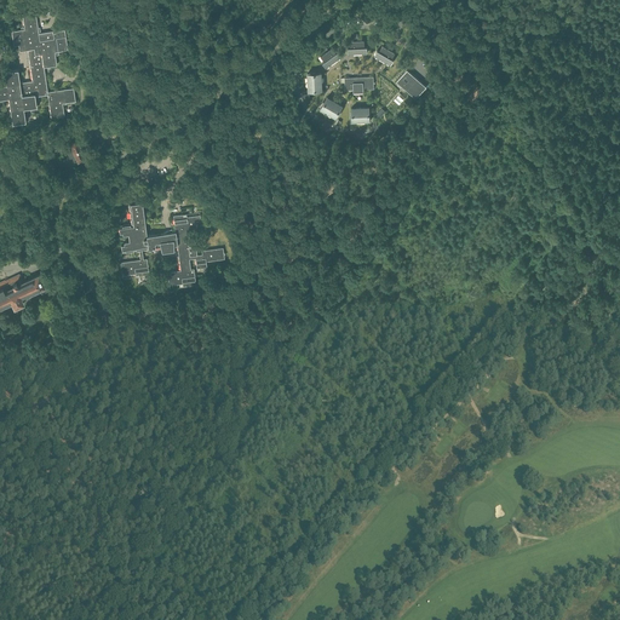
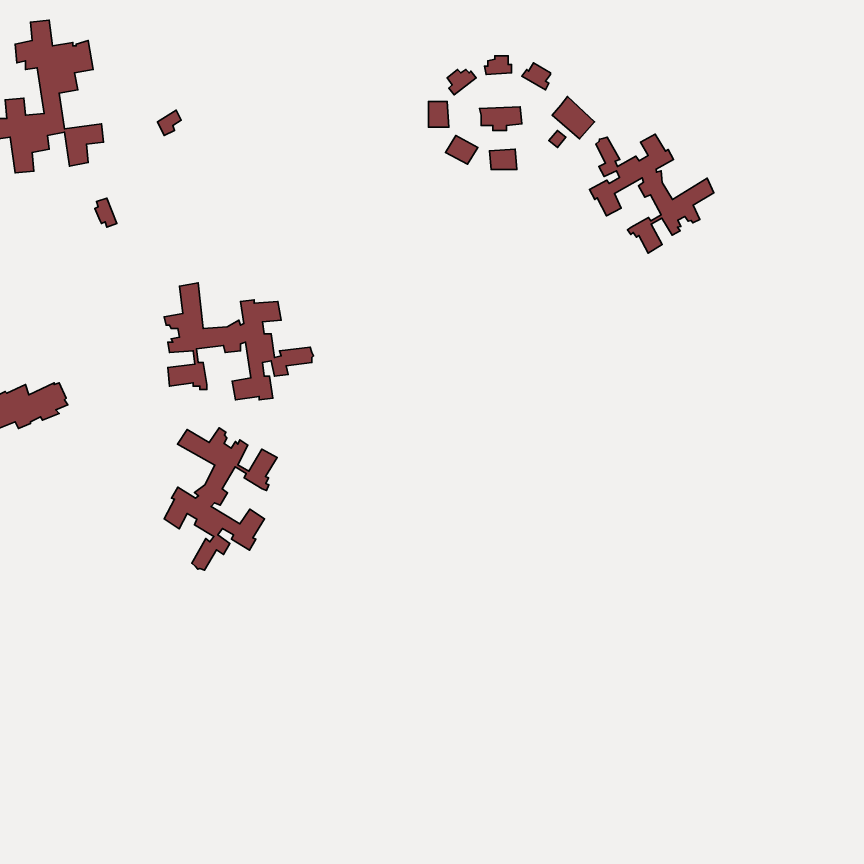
building: none -> [589,134,714,253]
building: none -> [164,428,277,570]

